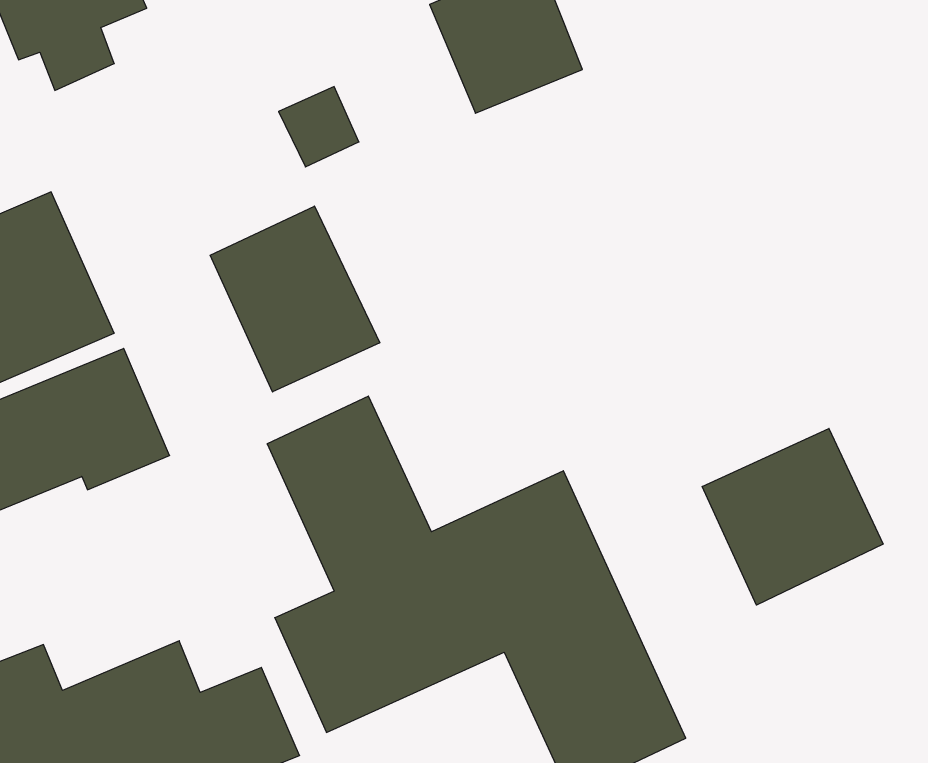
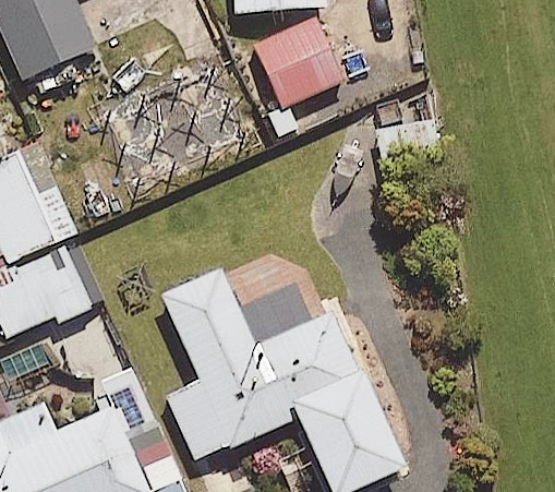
building: [210,206,380,392] -> none
building: [702,428,883,605] -> none

